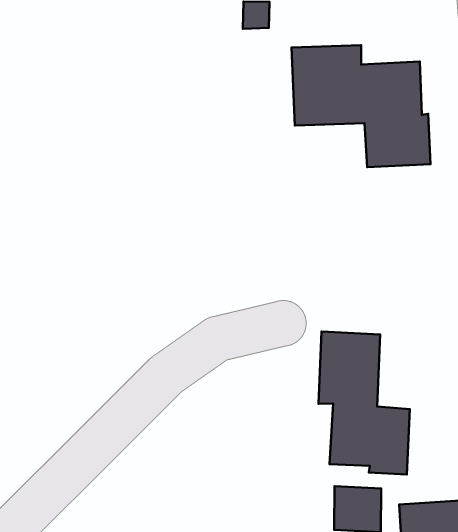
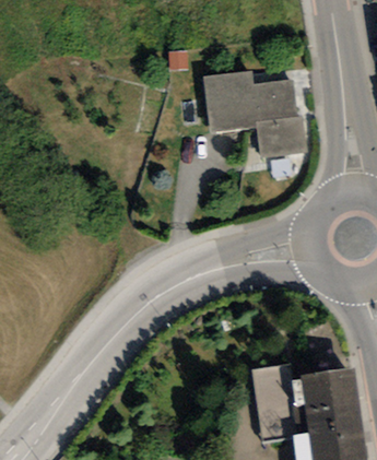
building: [319,332,410,475] -> none

